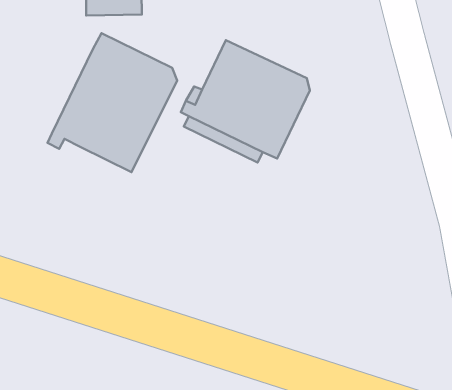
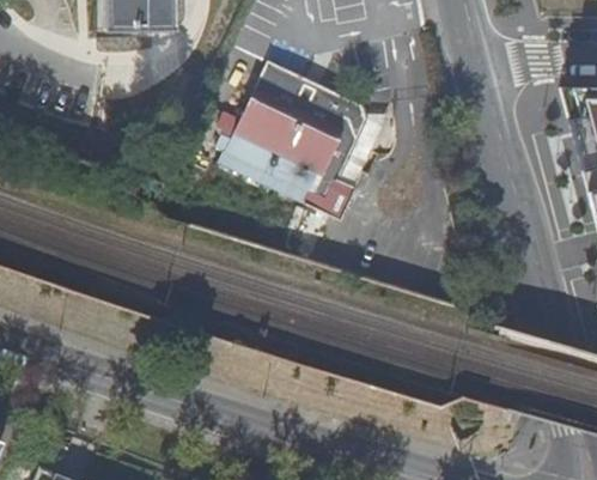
building: [48,33,177,172] -> none

